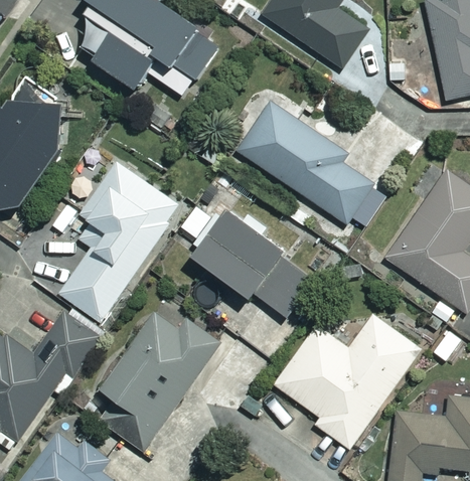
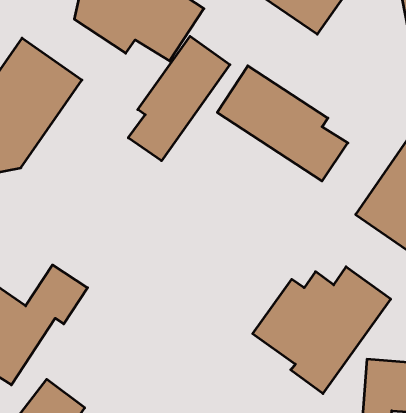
building: none -> [128,36,230,161]
building: [58,162,182,323] -> none
building: [190,207,319,320] -> none
building: [95,313,218,452] -> none

